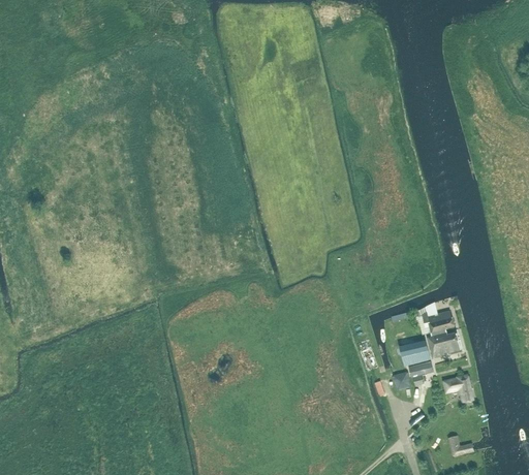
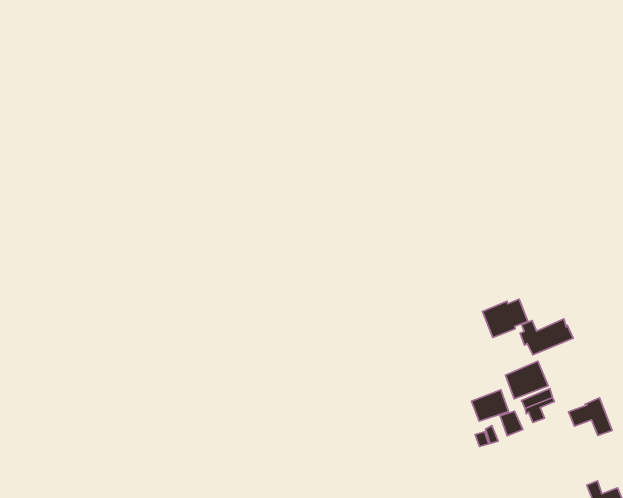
building: [428,331,461,357] -> [482,299,528,337]
building: none -> [471,390,508,421]

